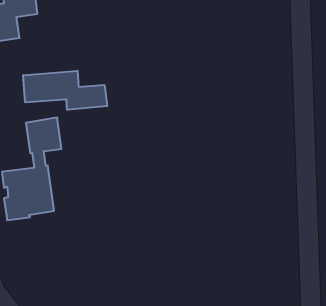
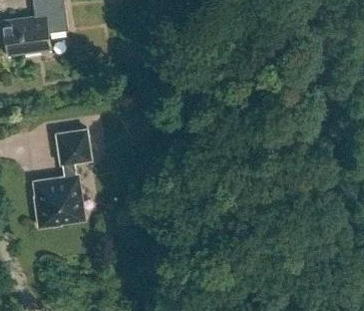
building: [23,71,107,110] -> none

